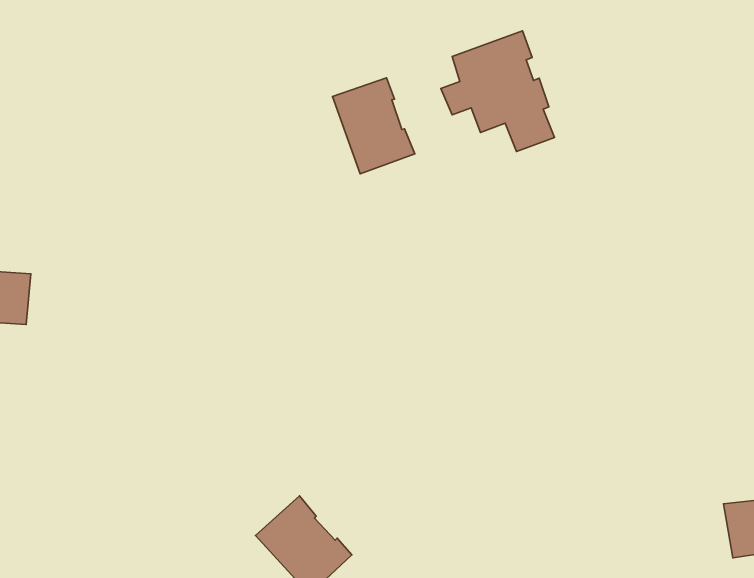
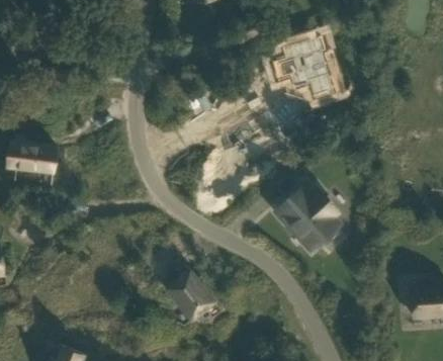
building: [333,78,415,174] -> none
building: none -> [276,189,338,253]

